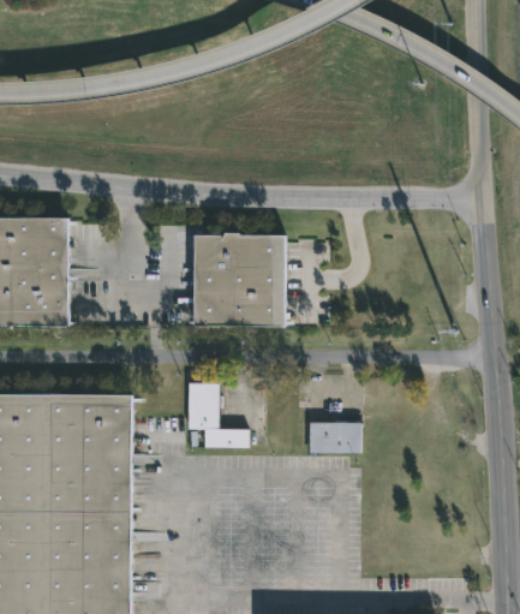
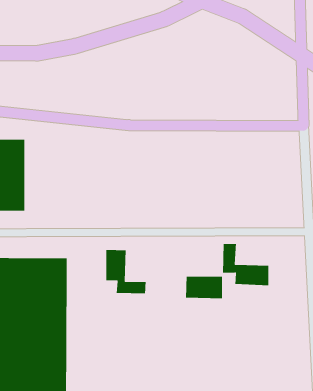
building: [193,232,283,327] -> none
building: none -> [222,243,269,286]

